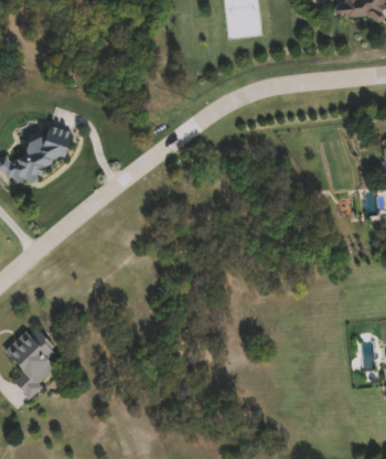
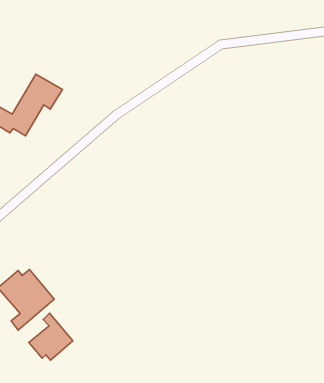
building: none -> [29,313,73,360]

